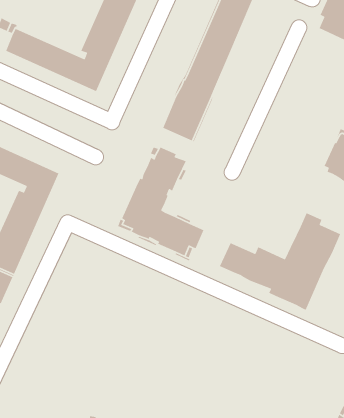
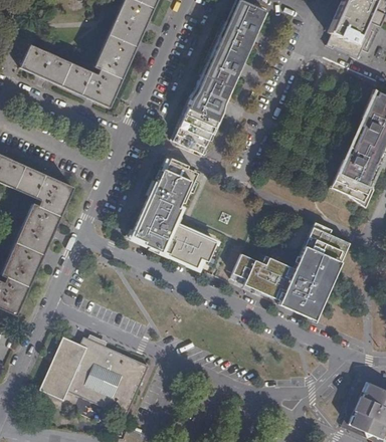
building: none -> [40,337,149,416]

